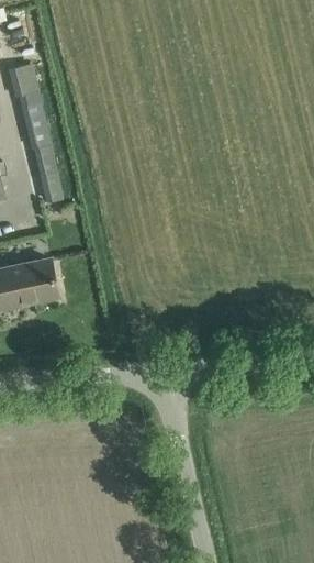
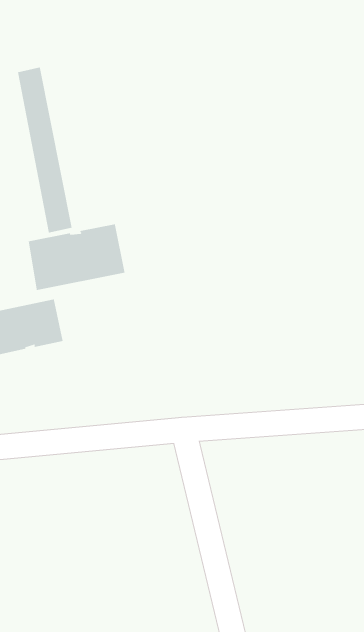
building: none -> [28,223,125,291]

